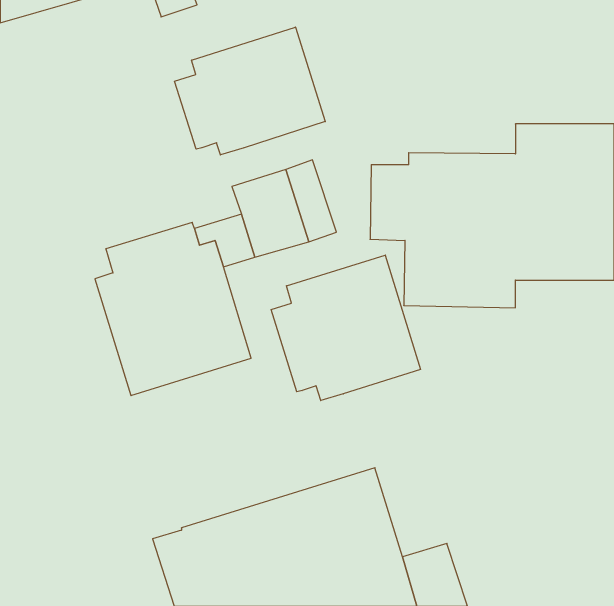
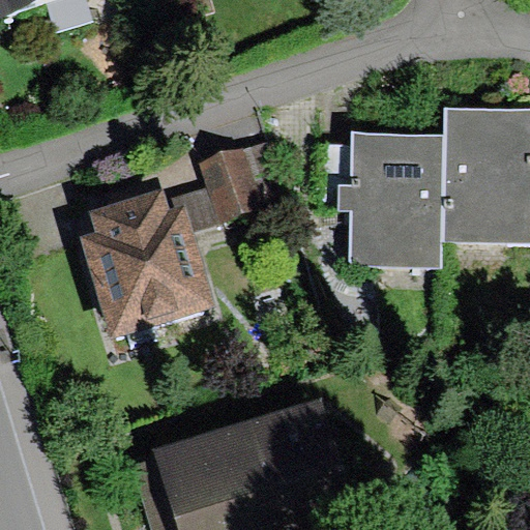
building: [174,27,325,155] -> none
building: [271,255,421,401] -> none

